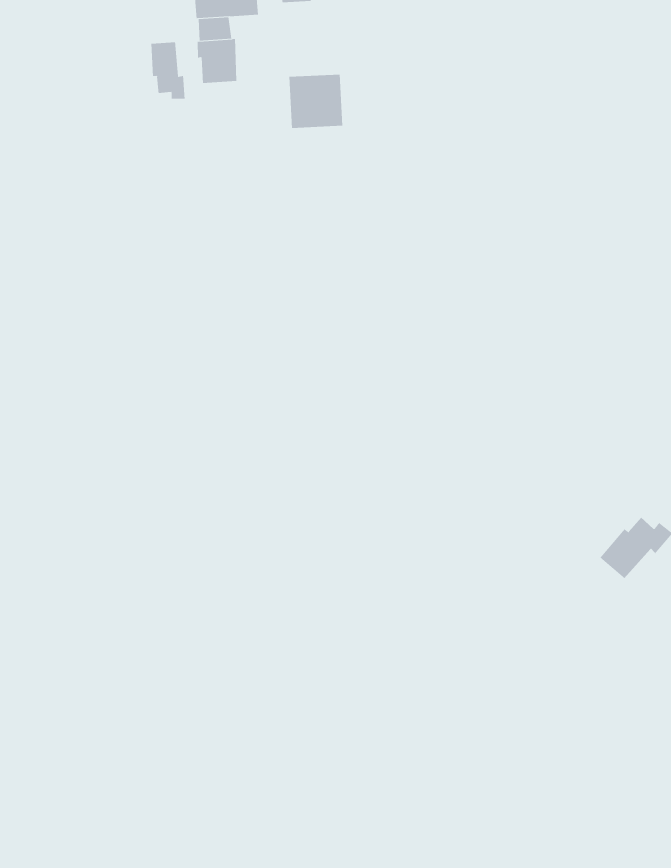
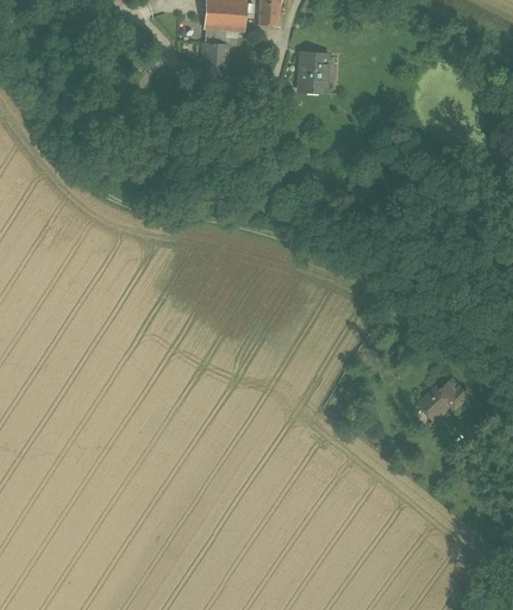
building: [151,42,185,100] -> none
building: [288,74,343,129] -> [299,52,334,88]

